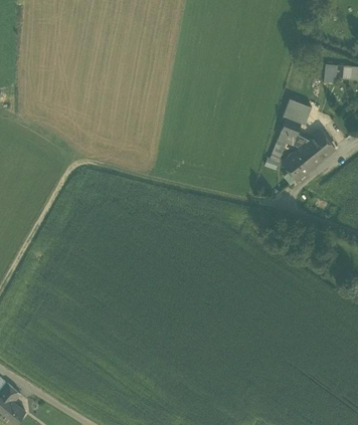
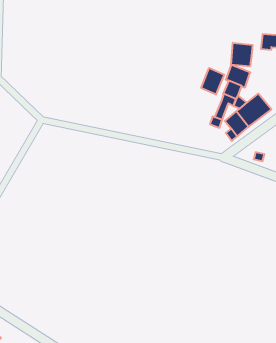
building: none -> [231,43,252,66]
building: none -> [201,68,224,95]

